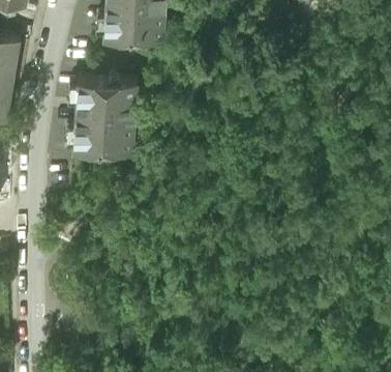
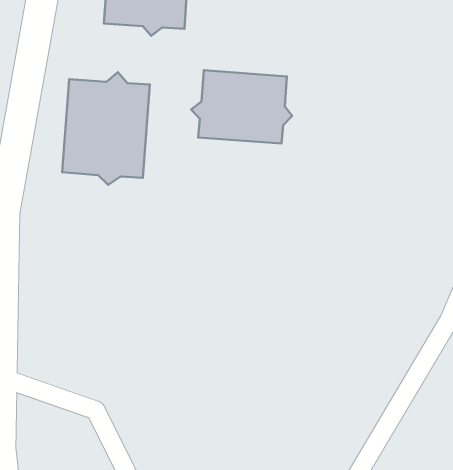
building: none -> [191,70,292,144]

